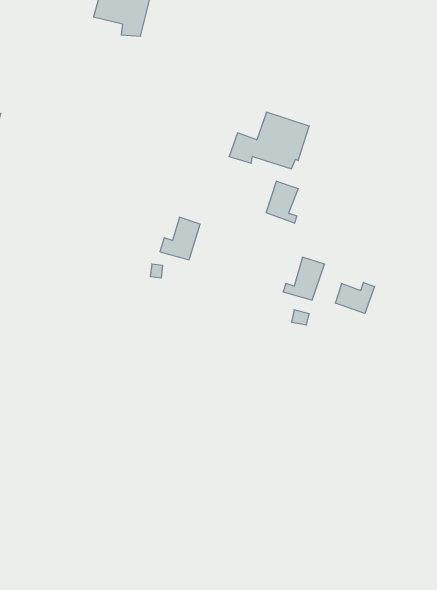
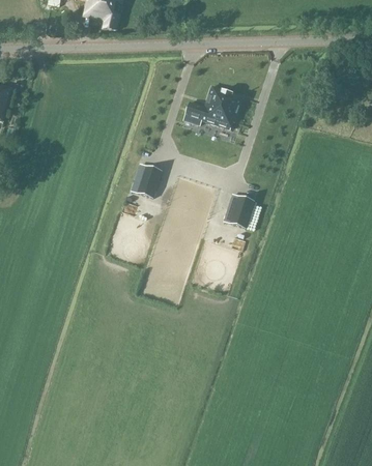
building: [266,181,298,223] -> none
building: [335,282,375,313] -> none

